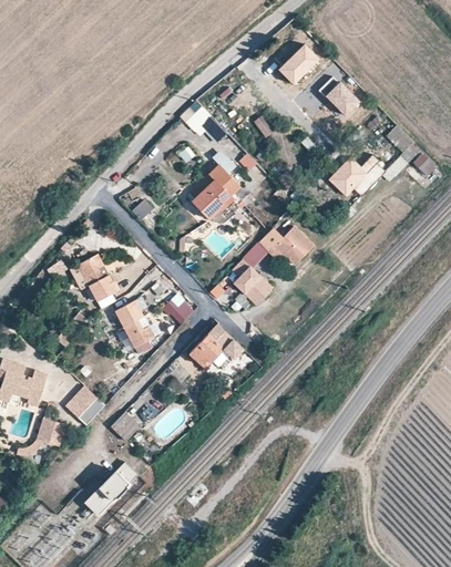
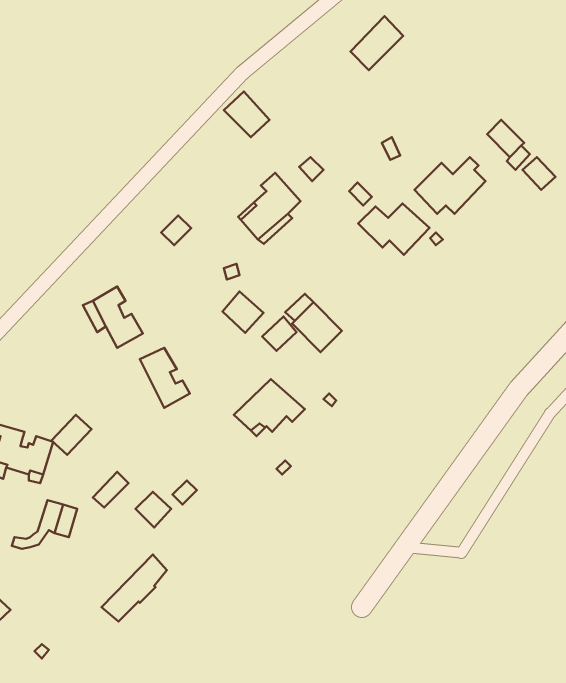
building: [316,75,358,115] -> none
building: [258,226,314,266] -> [358,203,429,255]
building: [163,293,195,326] -> [222,292,264,333]
building: [65,386,96,417] -> [52,415,91,455]

